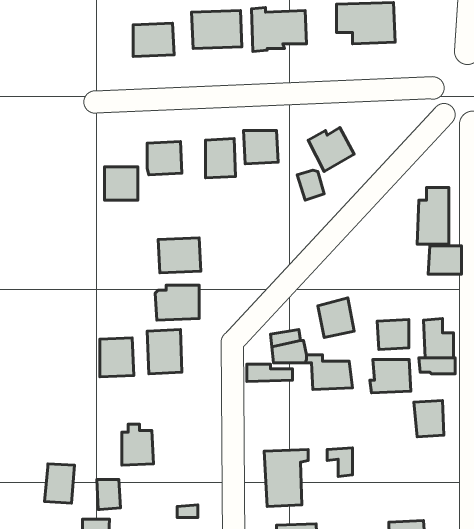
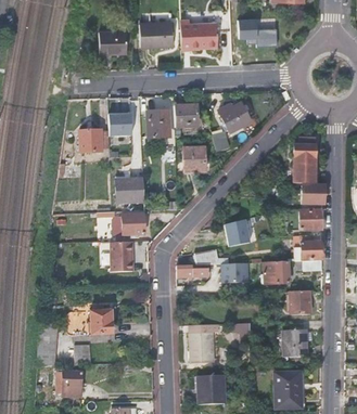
building: none -> [183,146,206,171]
building: [377,320,409,350] -> [299,209,321,230]
building: [100,338,134,377] -> none
building: none -> [282,329,307,357]

